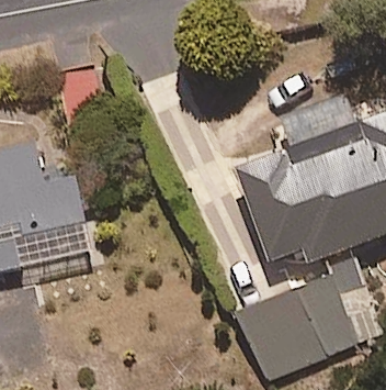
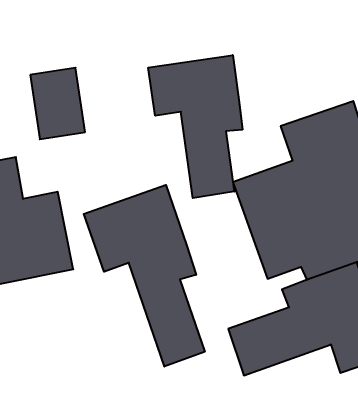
building: none -> [148,55,242,198]
building: none -> [84,185,205,367]

